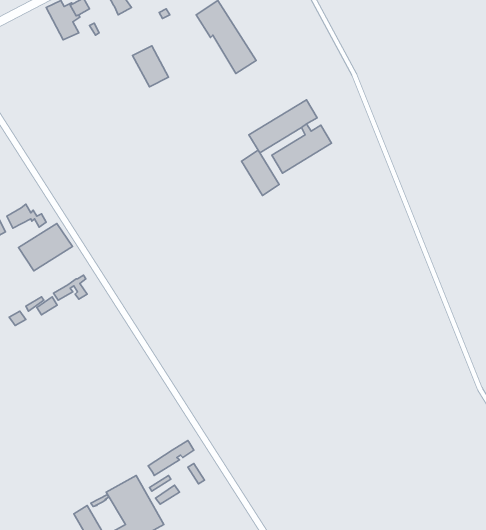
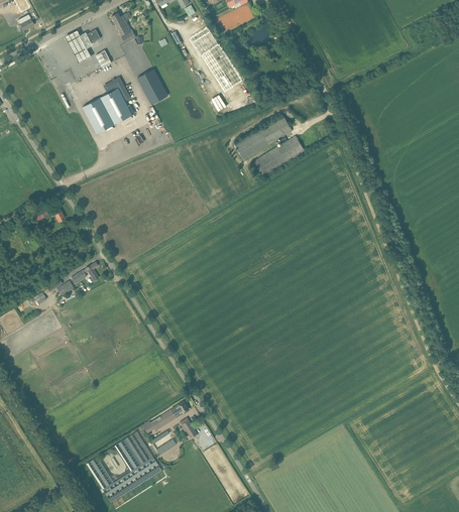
building: none -> [83,78,132,133]
building: [241,150,279,196] -> none
building: [18,223,72,271] -> none

